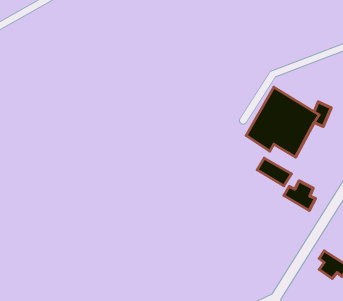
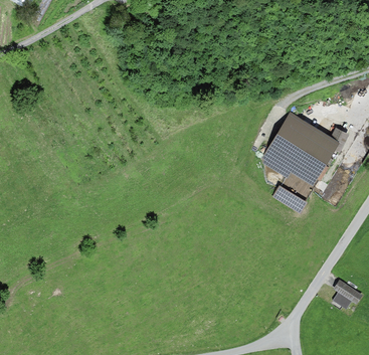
building: [284,181,316,210] -> none

